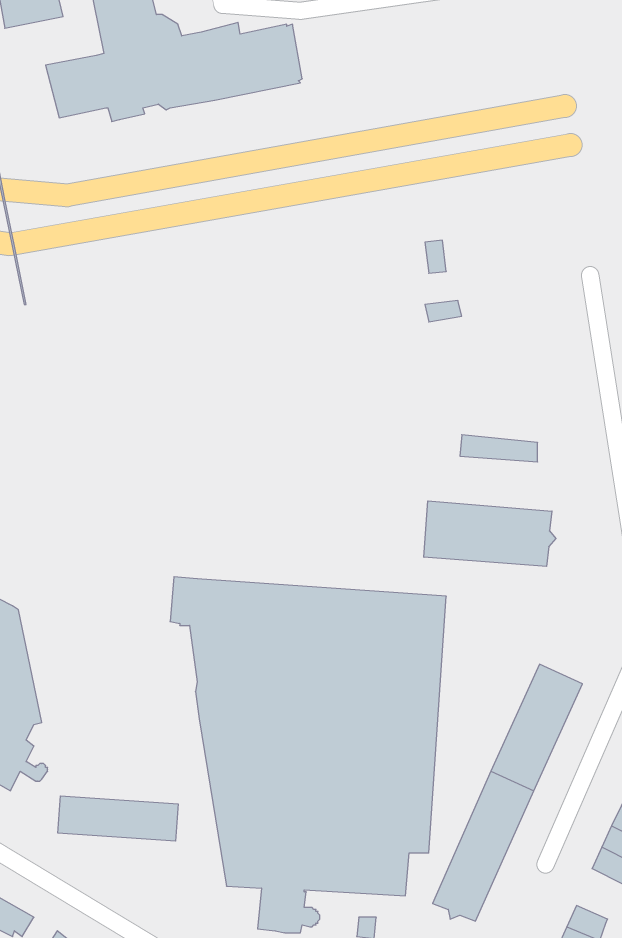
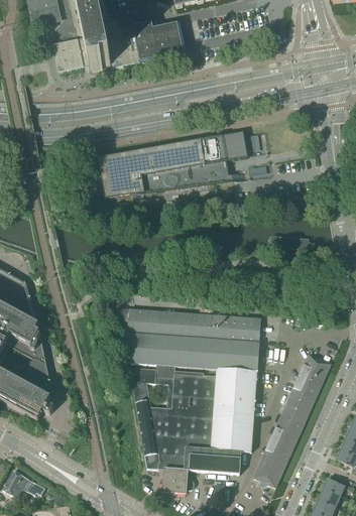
building: none -> [99,131,248,198]
building: [424,501,556,566] -> none
building: [58,796,178,841] -> none

